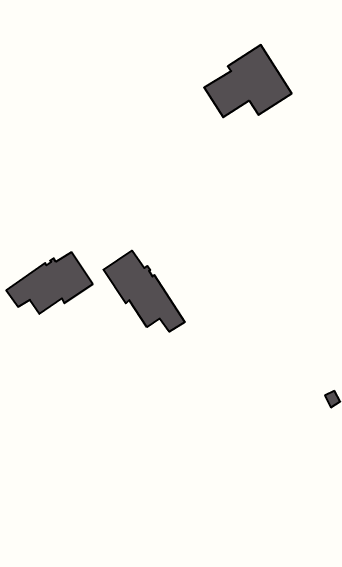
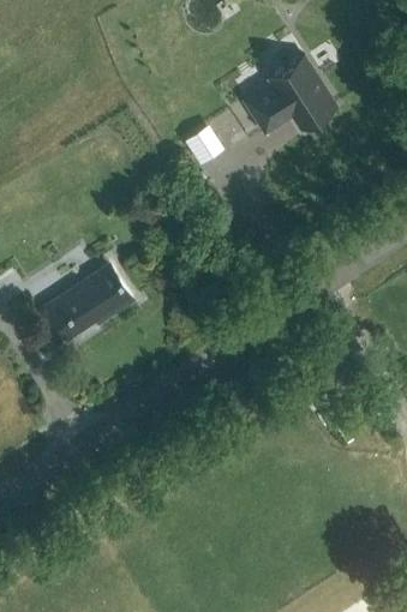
building: [103,251,185,332] -> none

